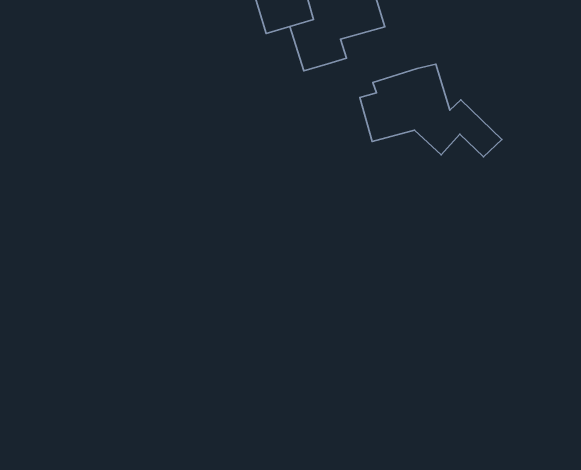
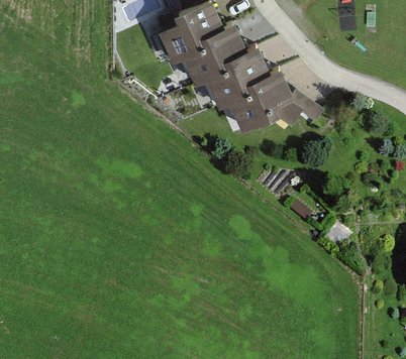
building: none -> [211,47,267,104]

